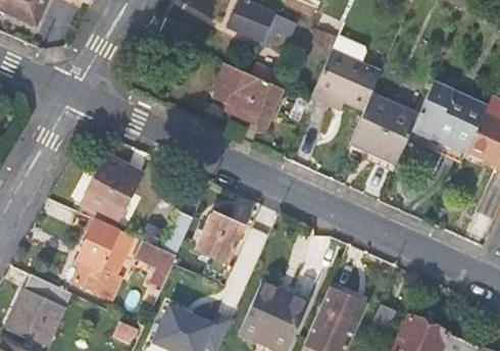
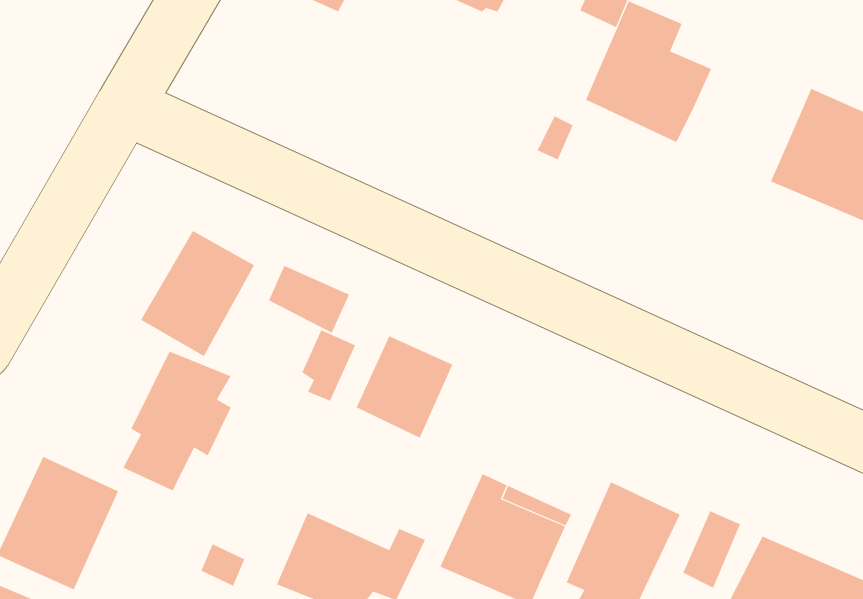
building: [215,63,283,127] -> none
building: [349,92,420,163] -> none
building: [133,240,176,275] -> [268,265,350,333]

